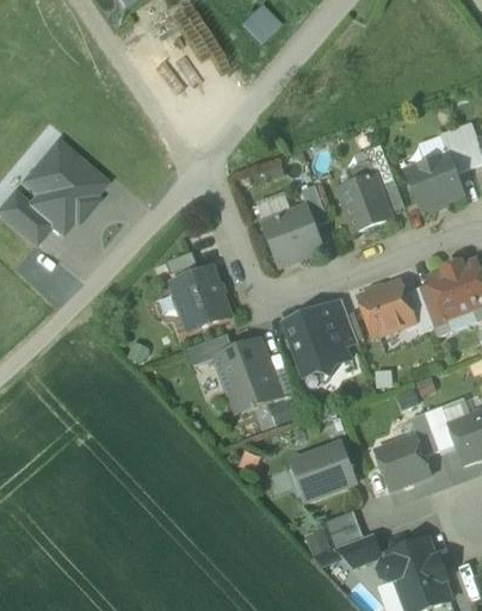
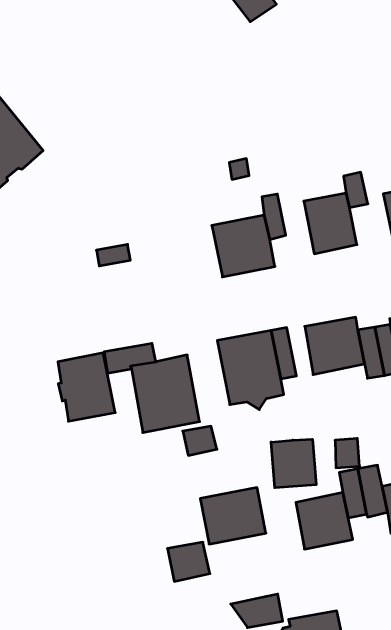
building: [172,266,229,331] -> [58,353,115,421]
building: none -> [271,439,316,488]
building: [322,510,363,548] -> [167,542,210,581]

